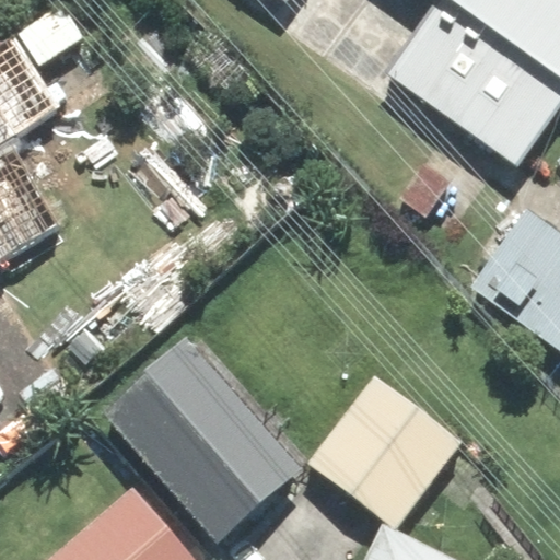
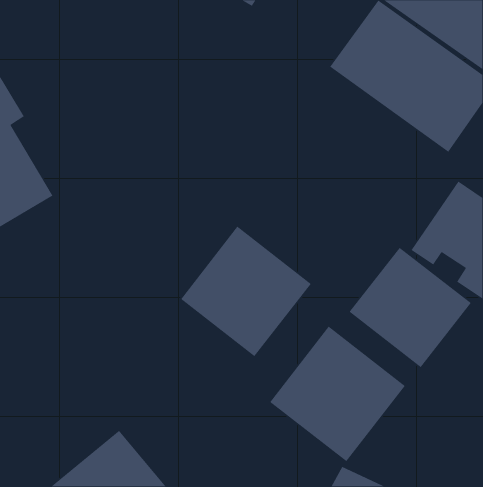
building: none -> [180,226,312,357]
building: none -> [349,247,472,368]
building: [109,343,307,548] -> none

